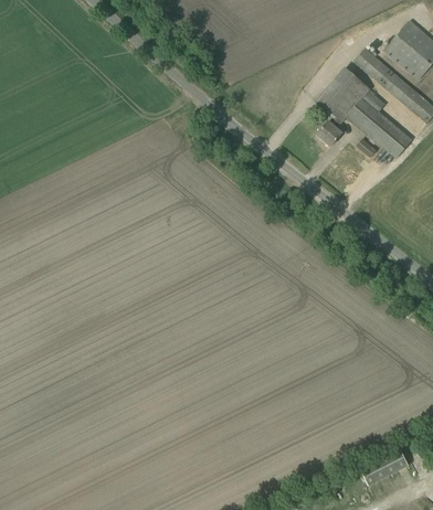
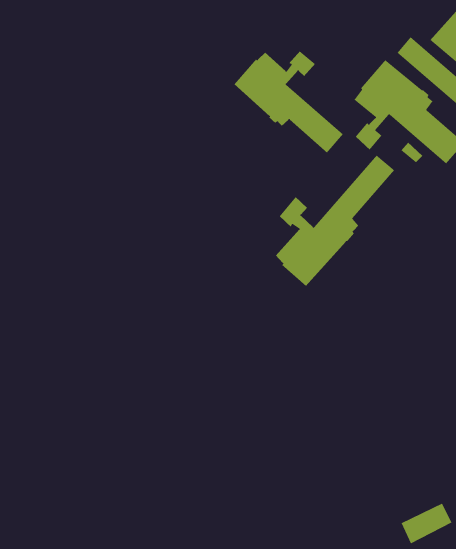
building: none -> [233,51,344,153]
building: none -> [275,154,395,287]

